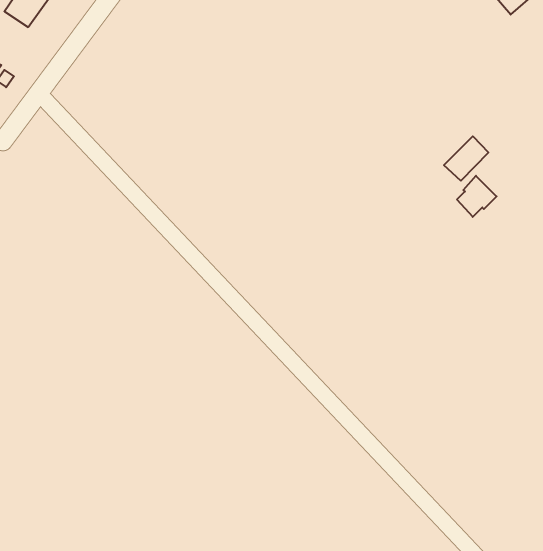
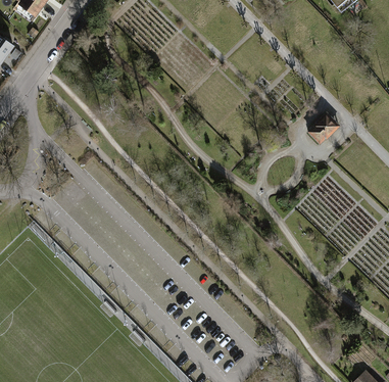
building: [444,136,488,181] -> none

